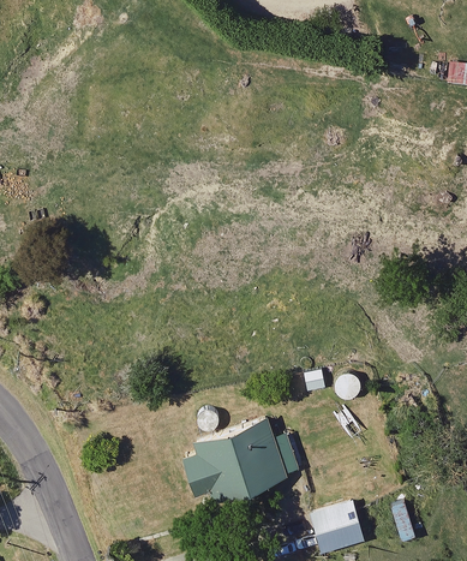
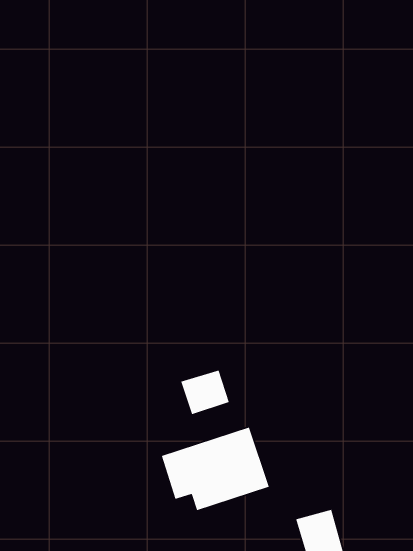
building: none -> [180,370,230,415]

